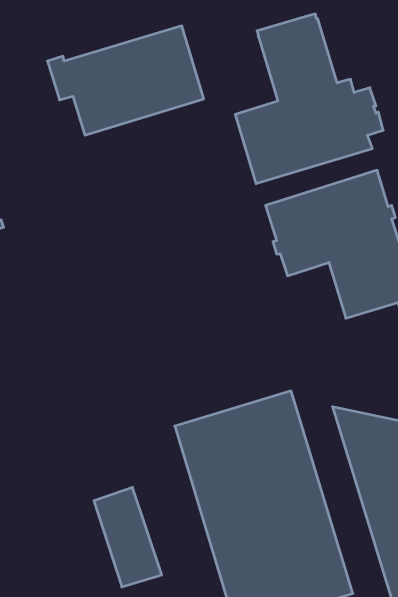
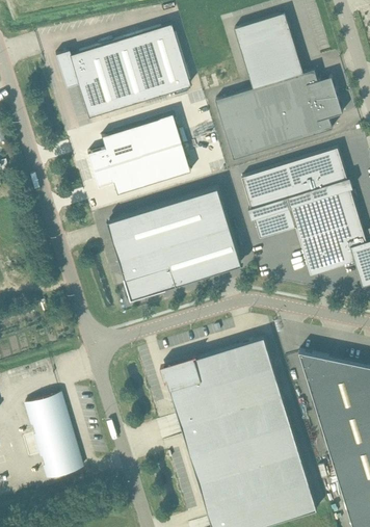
building: none -> [88,113,191,194]
building: none -> [107,188,243,298]
building: [94,487,162,587] -> [25,392,83,477]

